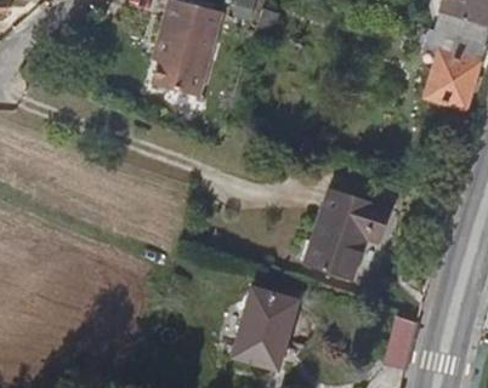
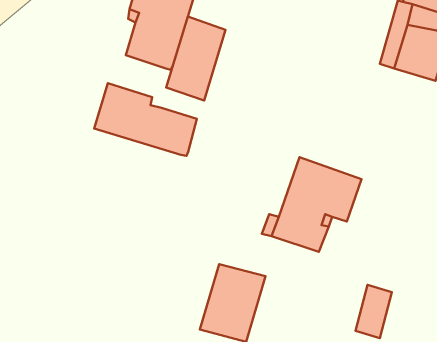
building: none -> [166,17,226,101]
building: none -> [94,83,197,156]

